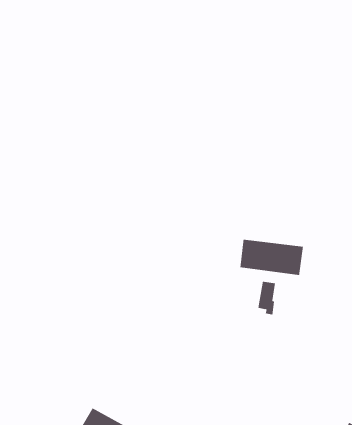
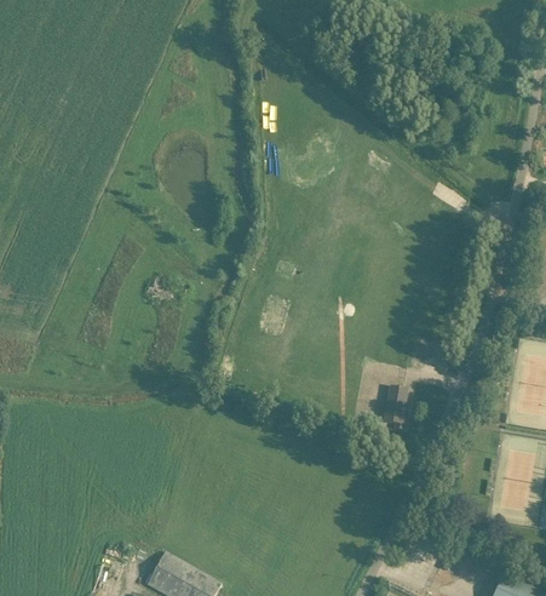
building: [240,239,304,276] -> none

